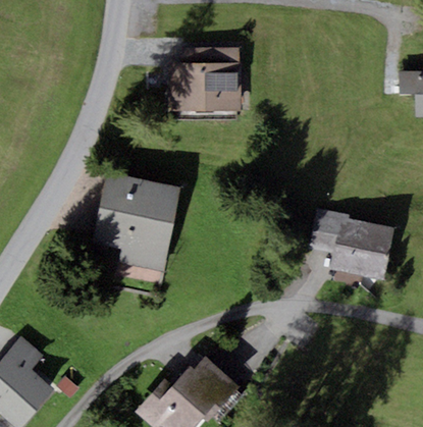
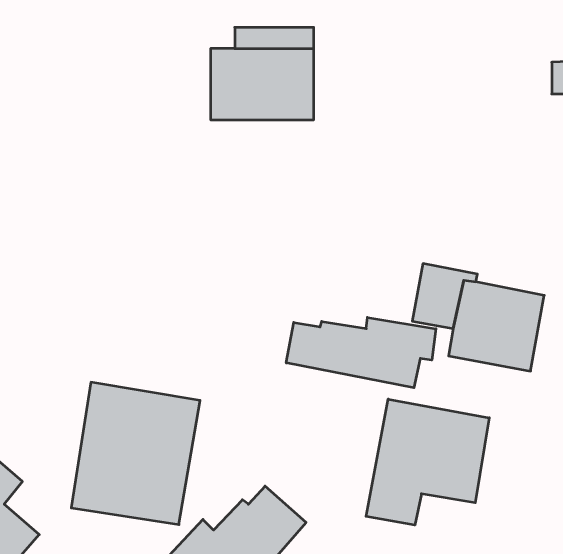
building: [93,175,179,271] -> [71,382,200,525]
building: none -> [286,317,436,388]
building: none -> [366,399,489,525]

